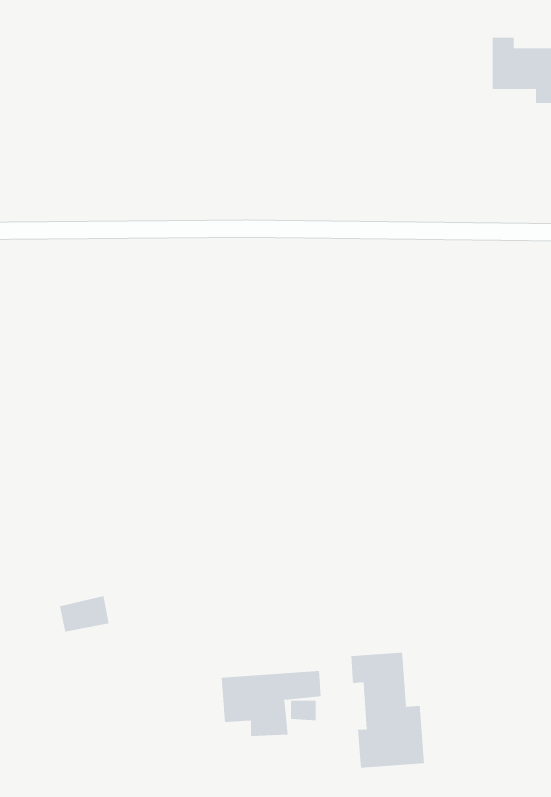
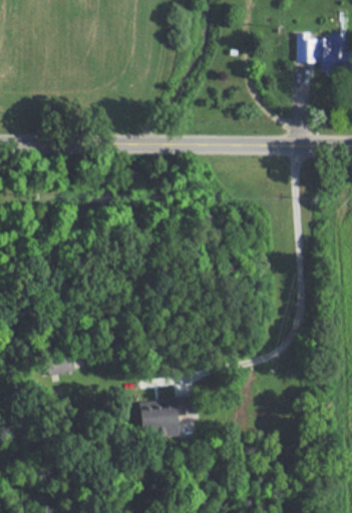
building: [351,652,424,768] -> none

